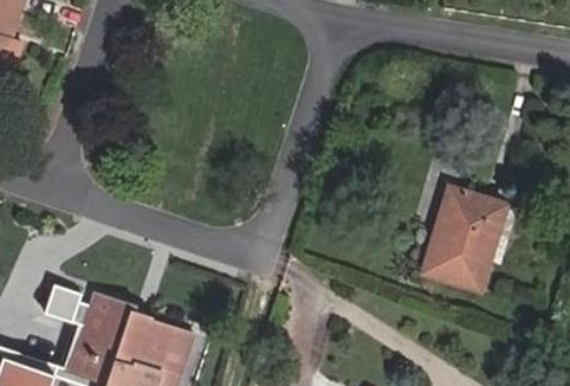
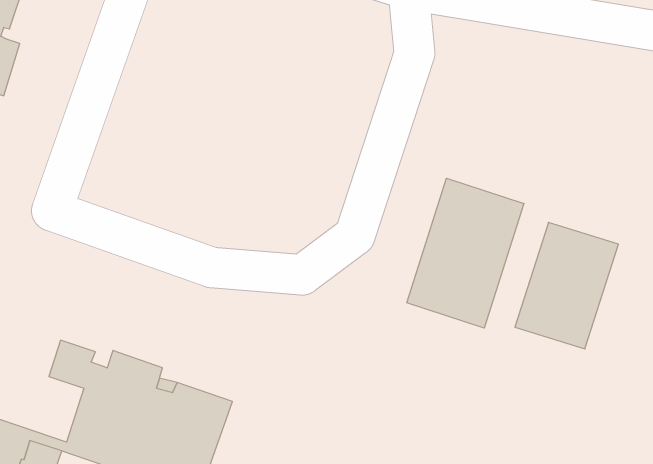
building: none -> [407,178,524,328]

